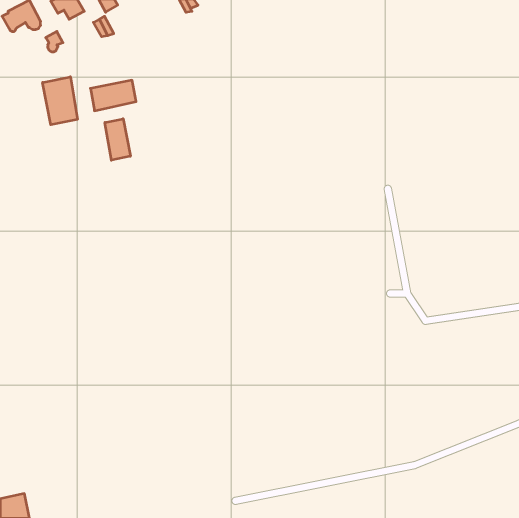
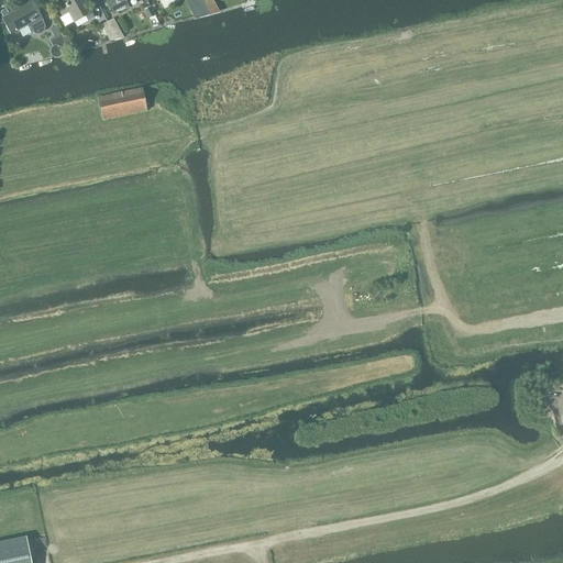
building: [43,77,77,125] -> none
building: [105,119,130,160] -> none

